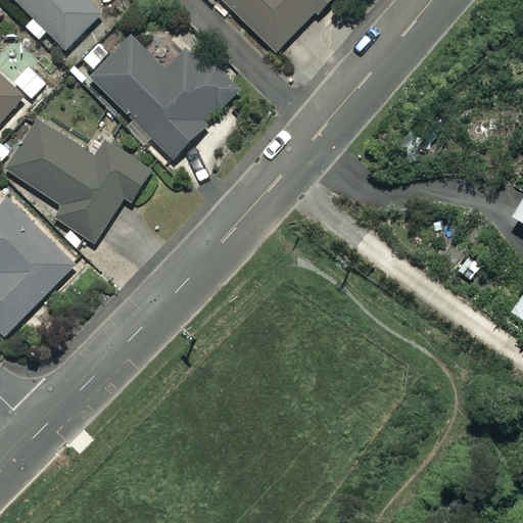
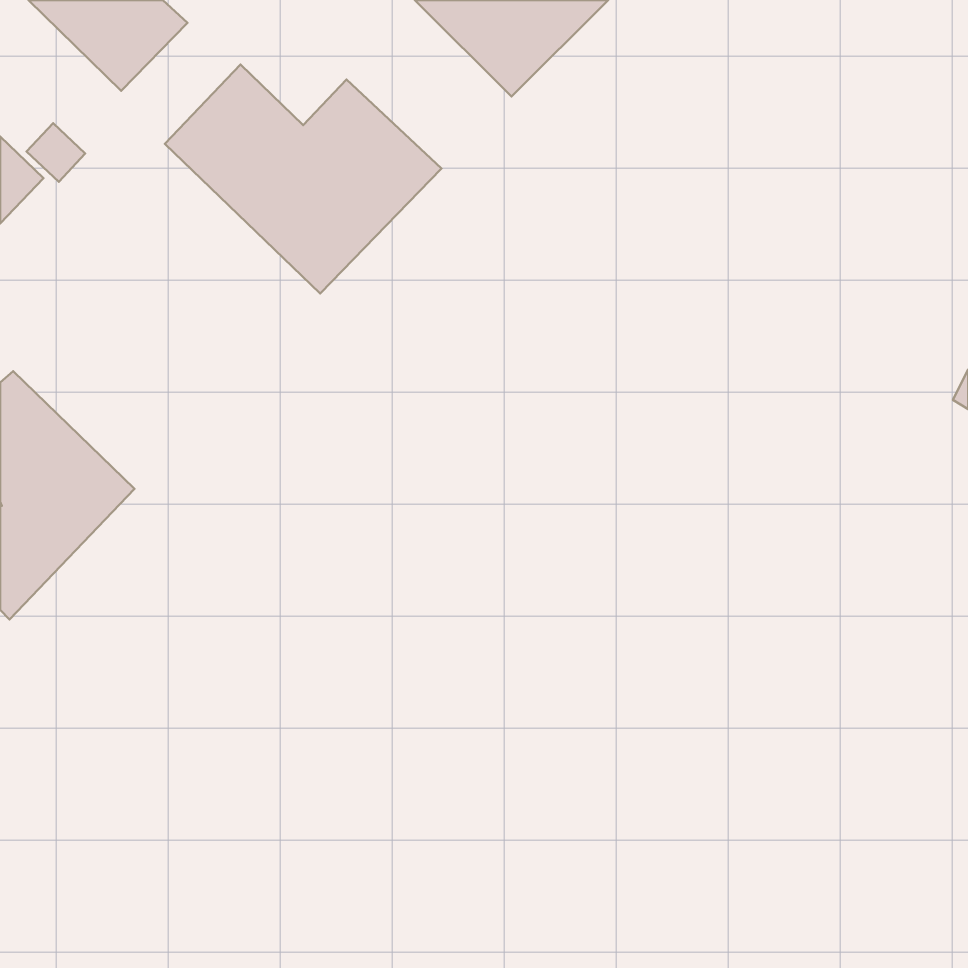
building: [6,117,149,244] -> none

